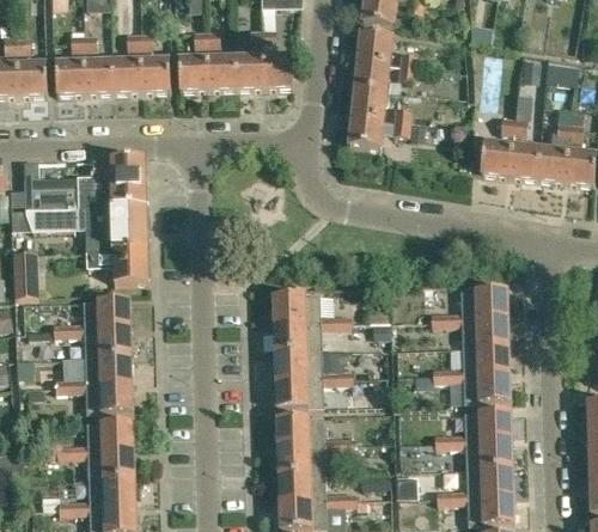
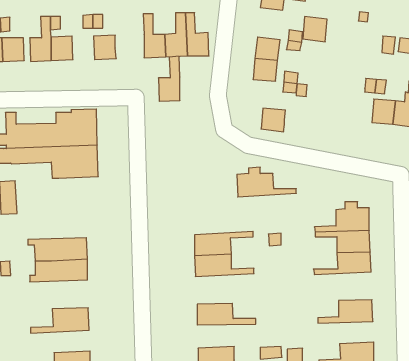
building: [178,31,207,91] -> [158,56,180,101]
building: [358,32,390,66] -> [303,17,327,42]
building: [111,61,141,92] -> none
building: [349,118,382,149] -> [261,108,285,132]
building: [480,141,512,176] -> none
building: [93,247,147,282] -> none
building: [273,286,352,325] -> [237,167,296,197]
building: [53,300,130,331] -> none
building: [433,374,508,403] -> none
building: [275,377,353,408] -> none
building: [55,385,133,415] -> none
building: [438,440,512,470] -> none
building: [277,444,355,476] -> none
building: [56,452,135,482] -> none

